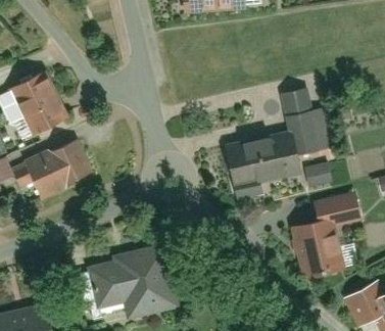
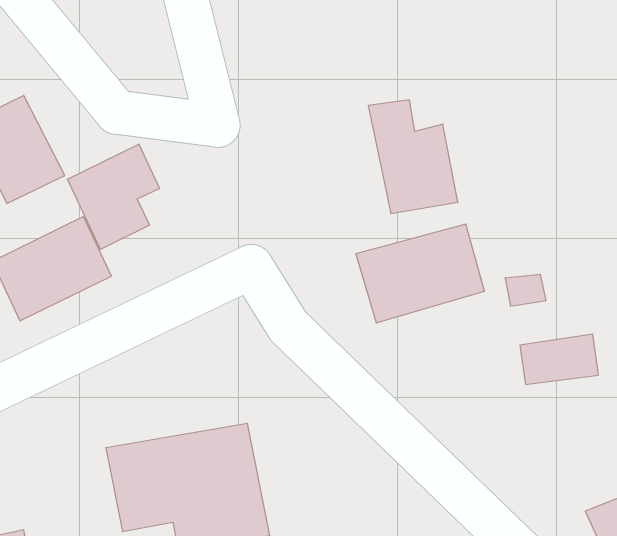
building: [286,93,335,155] -> [368,100,458,214]
building: none -> [68,144,159,249]
building: [291,224,340,278] -> none

